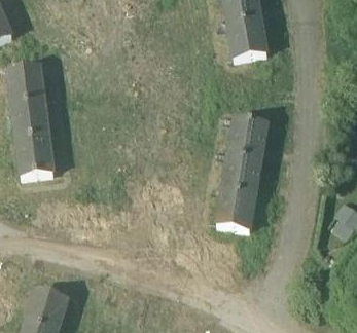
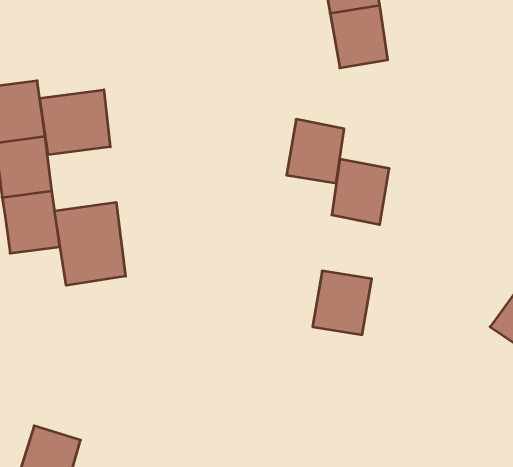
building: none -> [40,90,110,155]
building: none -> [55,202,126,285]
building: [222,150,259,191] -> [287,119,344,183]

